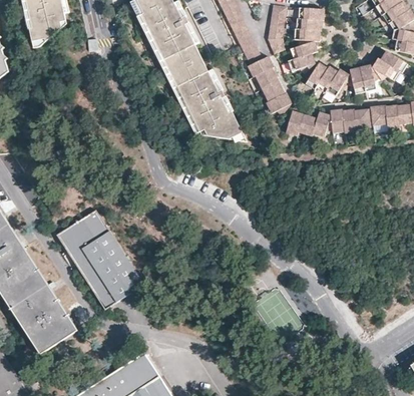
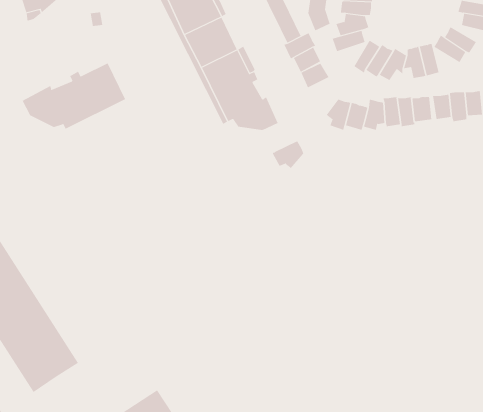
building: none -> [22,62,126,130]
building: [265,91,292,115] -> [272,140,305,169]
building: [56,210,143,310] -> none

